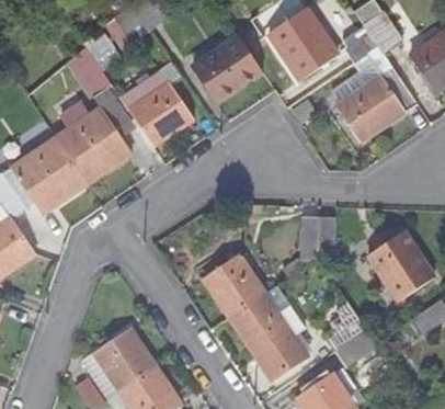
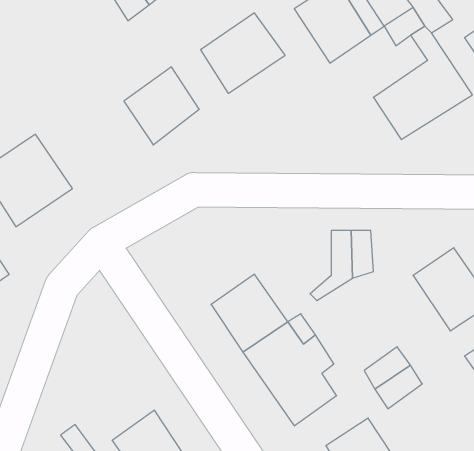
building: [70,47,114,98] -> none
building: [56,107,129,182] -> none
building: [93,327,155,391] -> none

